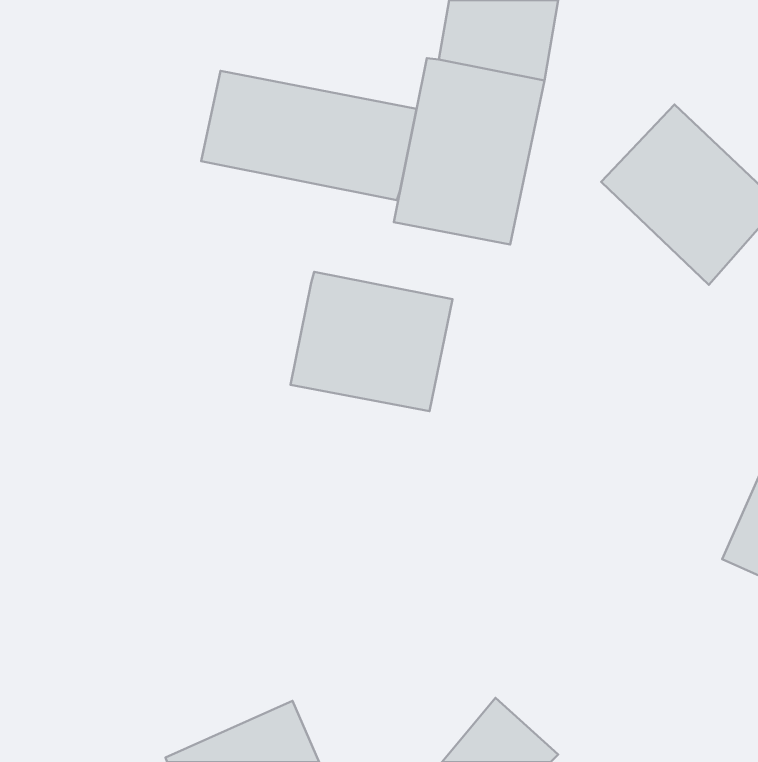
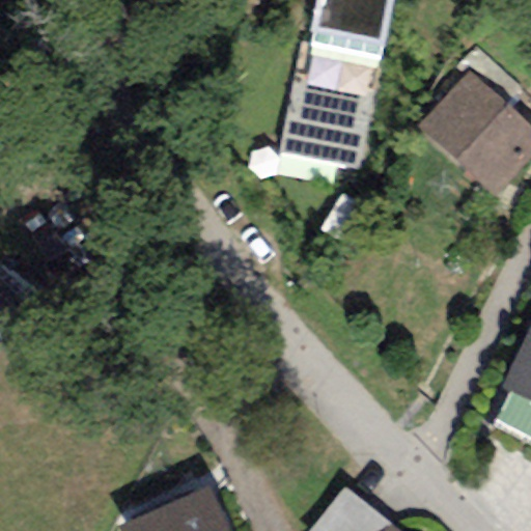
building: [201,71,417,200] -> none
building: [291,272,453,411] -> none

